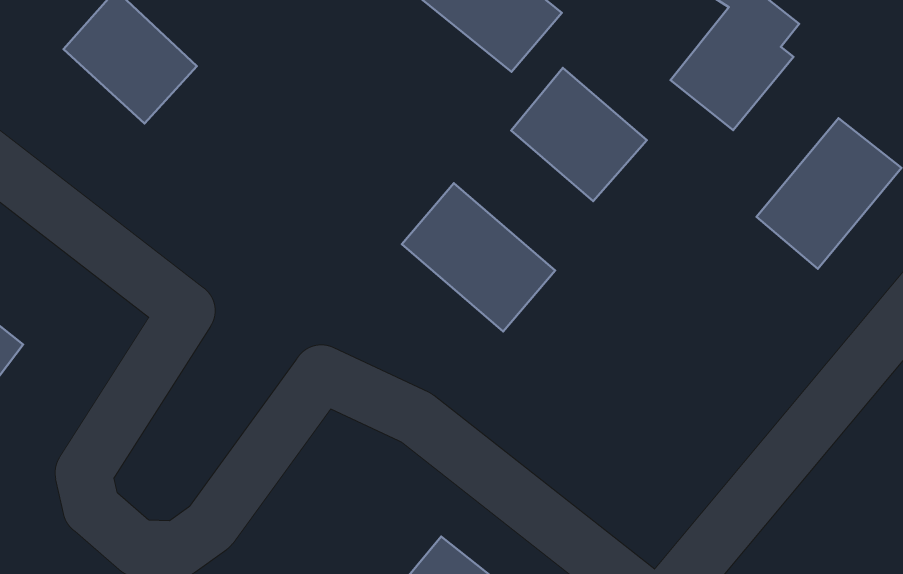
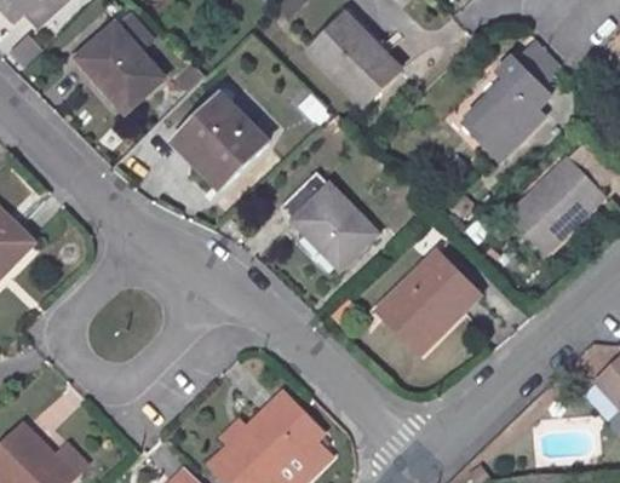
building: [511,68,647,201] -> none
building: none -> [178,93,268,184]
building: none -> [384,253,477,351]

